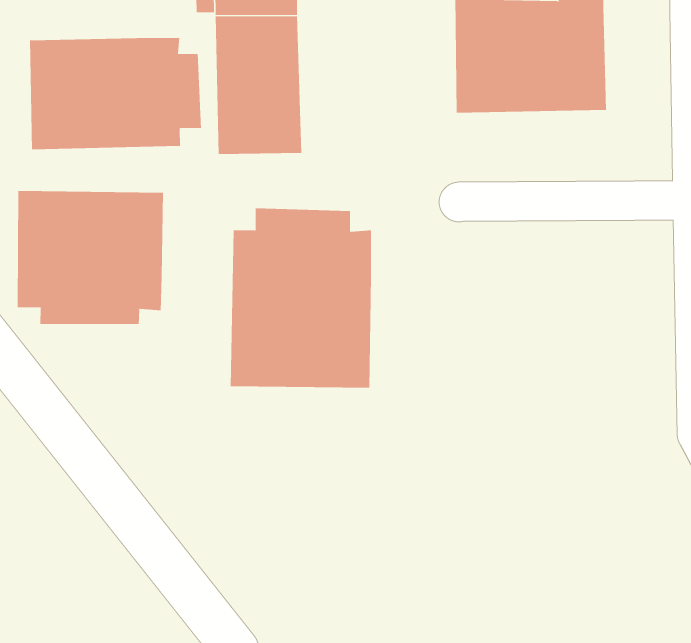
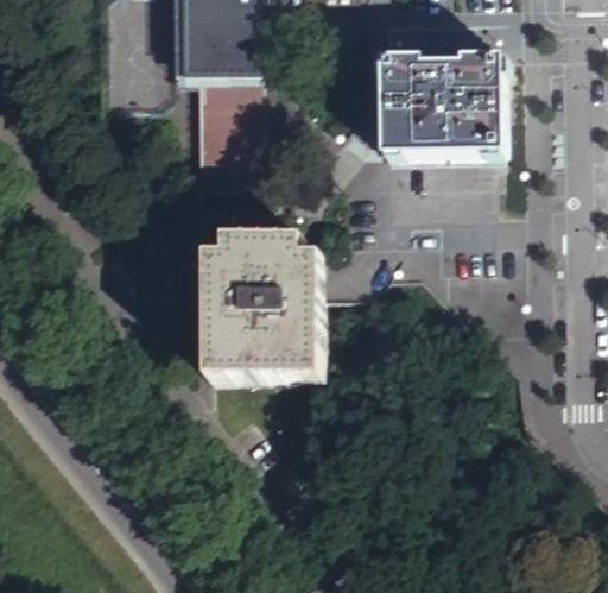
building: [30,37,201,150] -> none
building: [17,190,163,325] -> none

